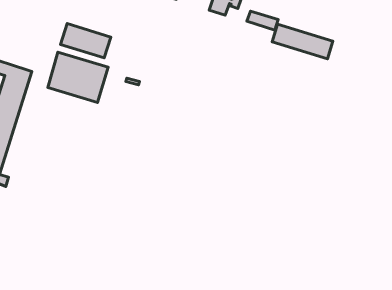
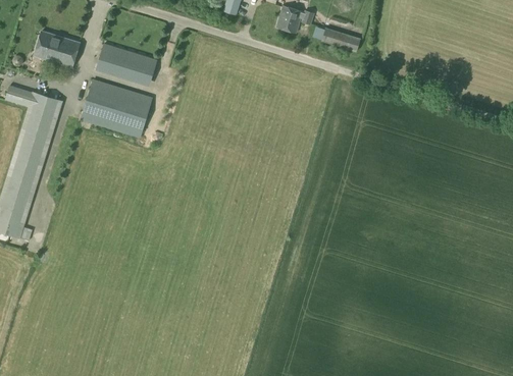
building: none -> [34,30,81,67]
building: [272,24,333,59] -> none

